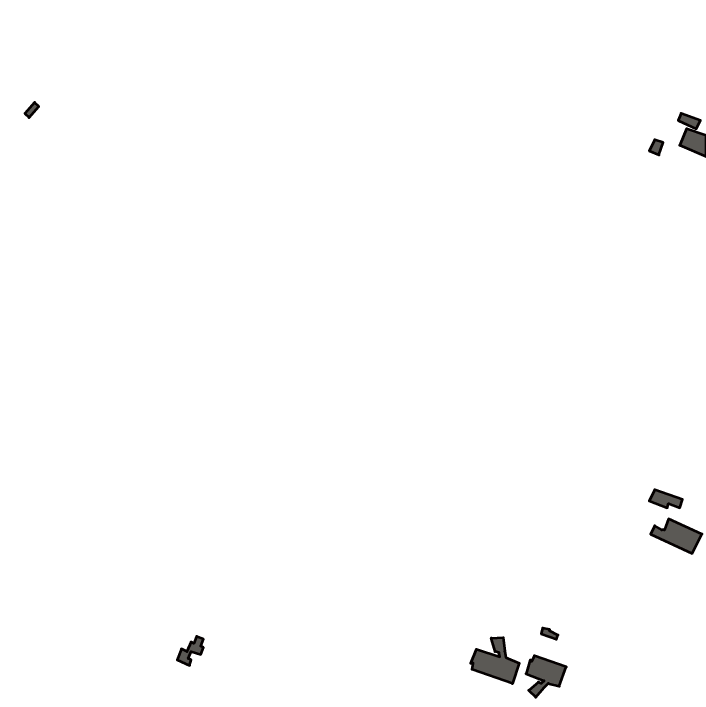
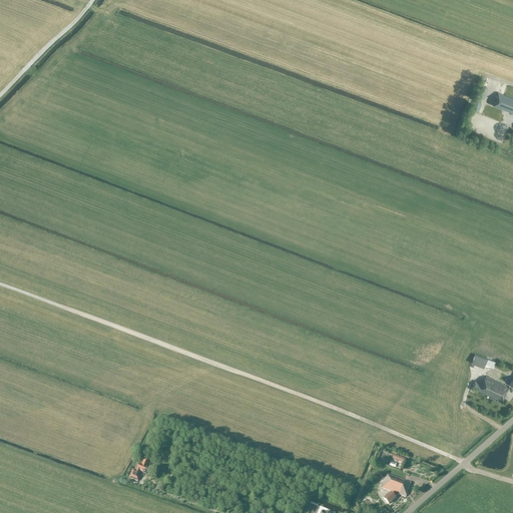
building: [471,638,519,684] -> none

